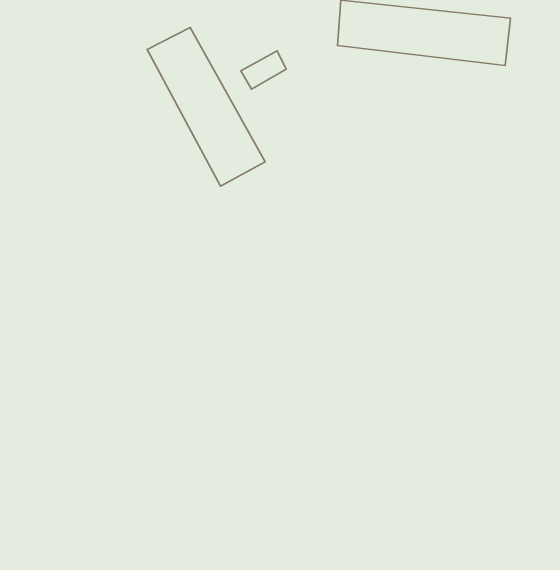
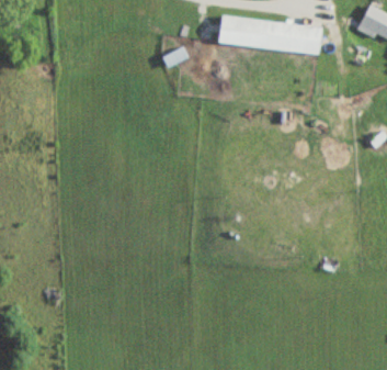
building: [147,27,265,186] -> none

